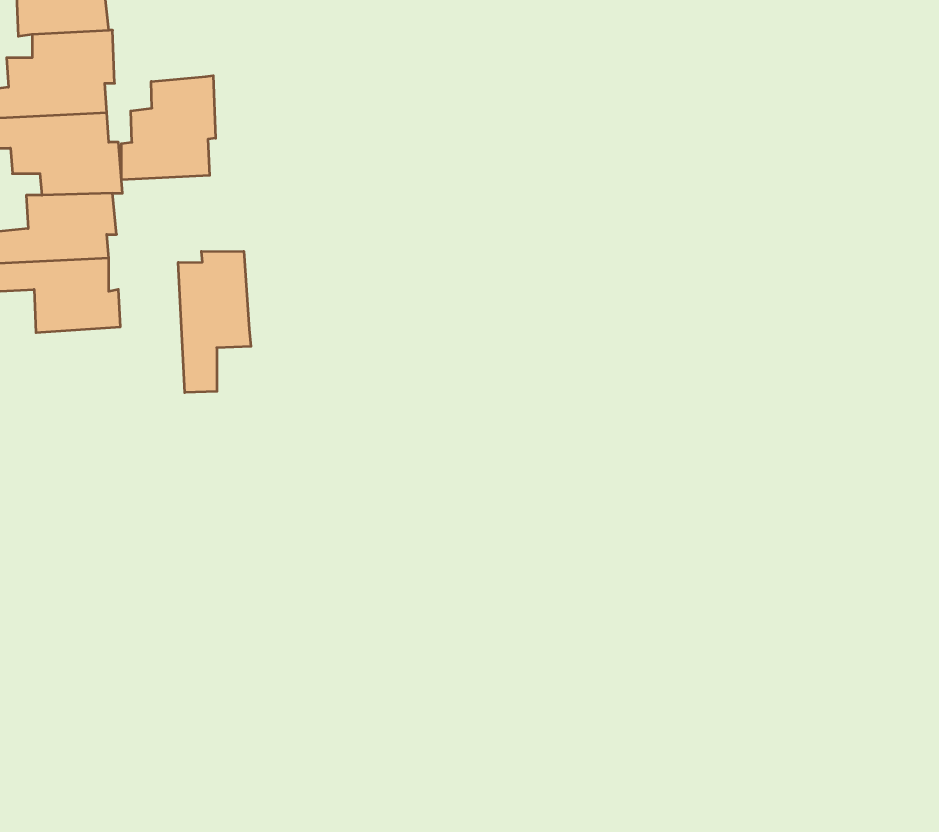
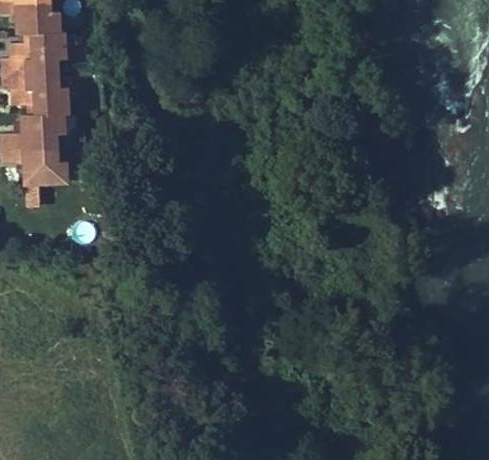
building: [121,76,216,180] -> none
building: [178,251,251,393] -> none

